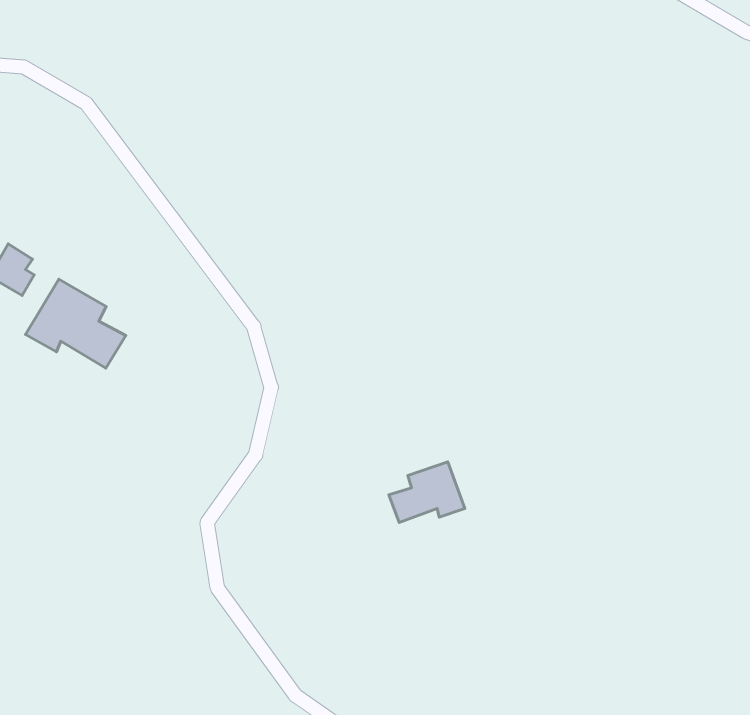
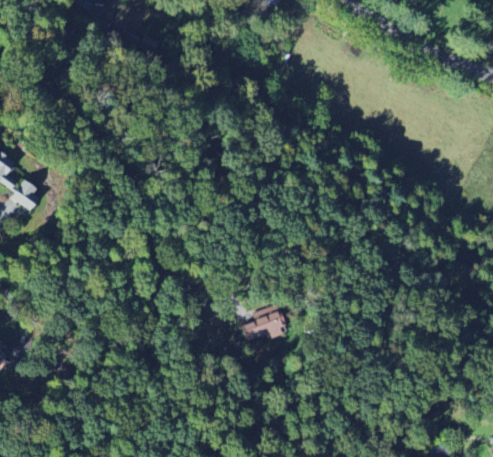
building: [25,279,126,368] -> none

